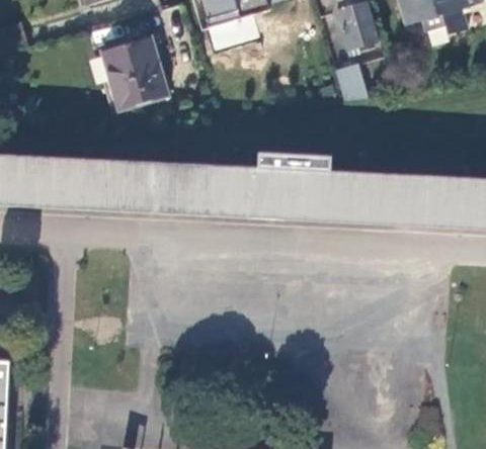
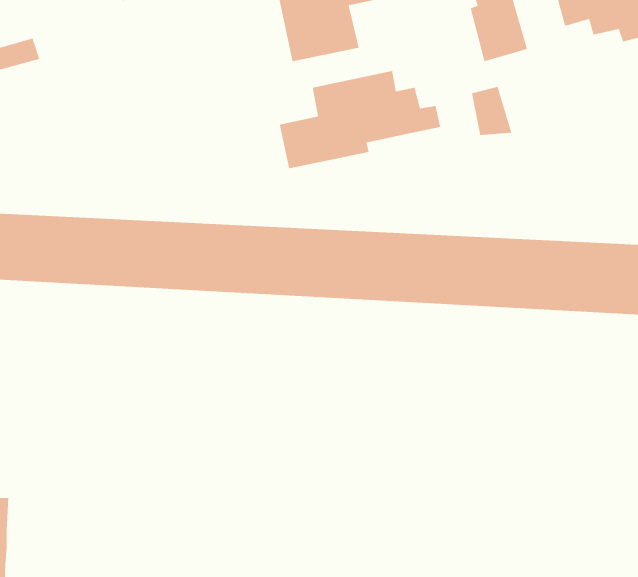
building: [93,34,168,109] -> none
building: none -> [279,70,441,169]

